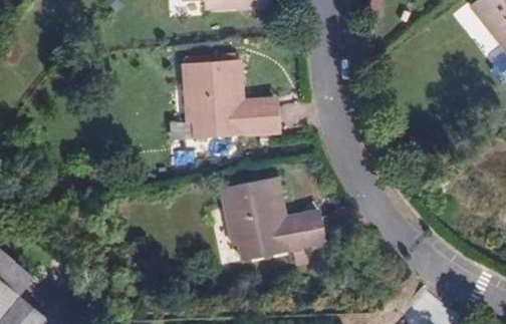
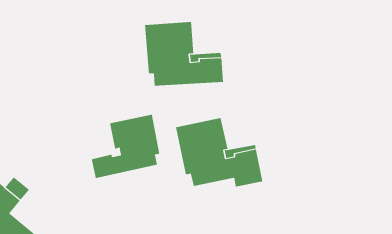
building: none -> [91,114,160,179]

